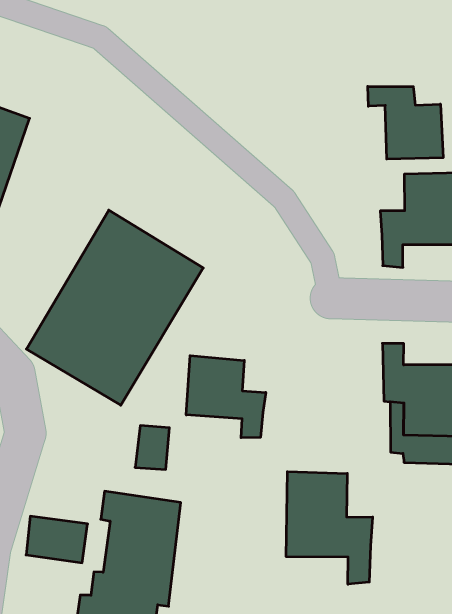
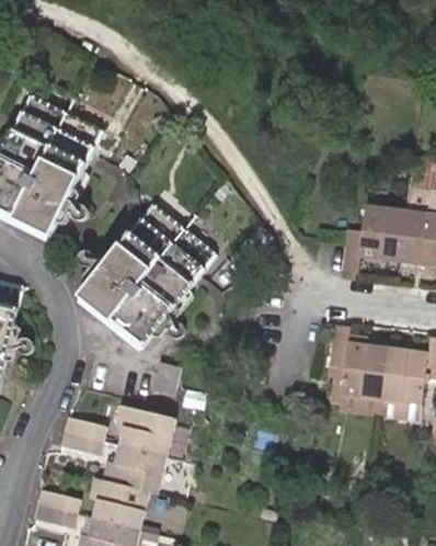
building: [368,86,443,159] -> none
building: [186,356,266,438] -> none
building: [286,472,373,584] -> none

